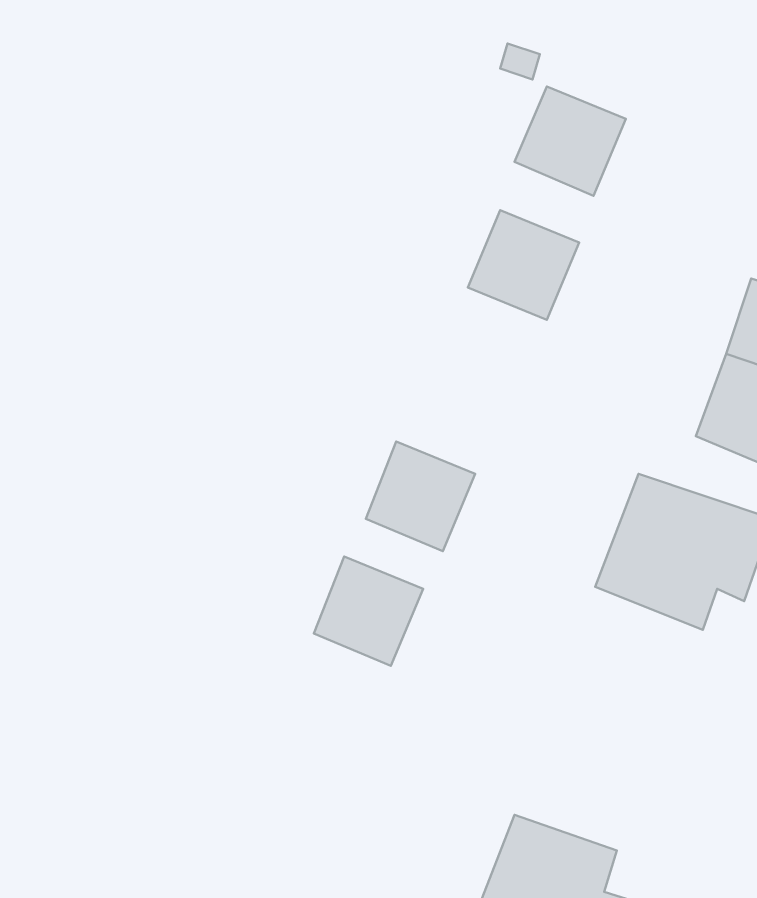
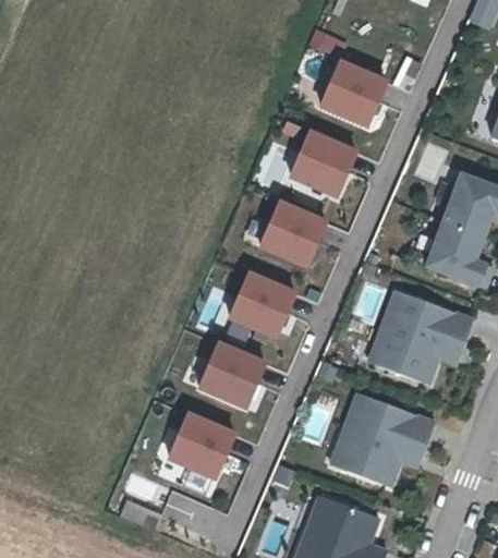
building: none -> [258,202,325,268]
building: none -> [329,392,436,492]
building: none -> [168,412,235,478]

